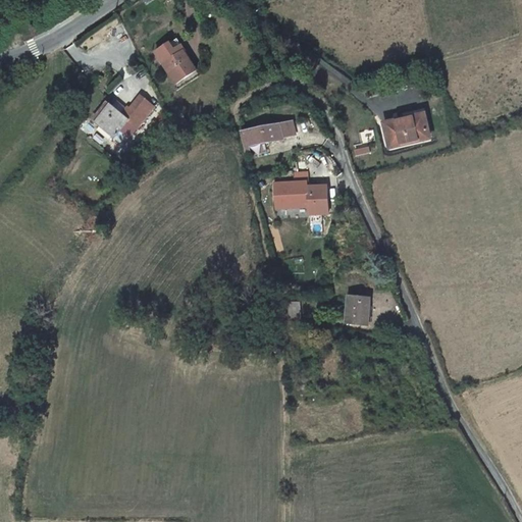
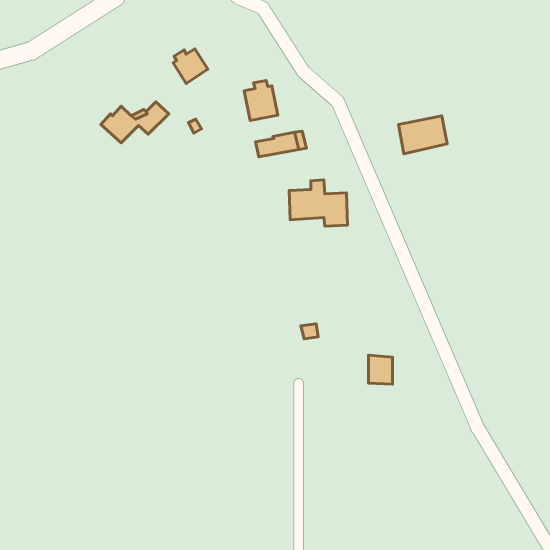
building: none -> [244,81,278,120]
building: [345,300,367,327] -> [369,355,392,384]

